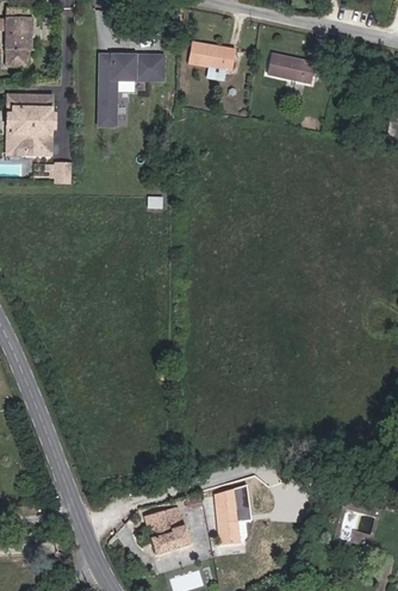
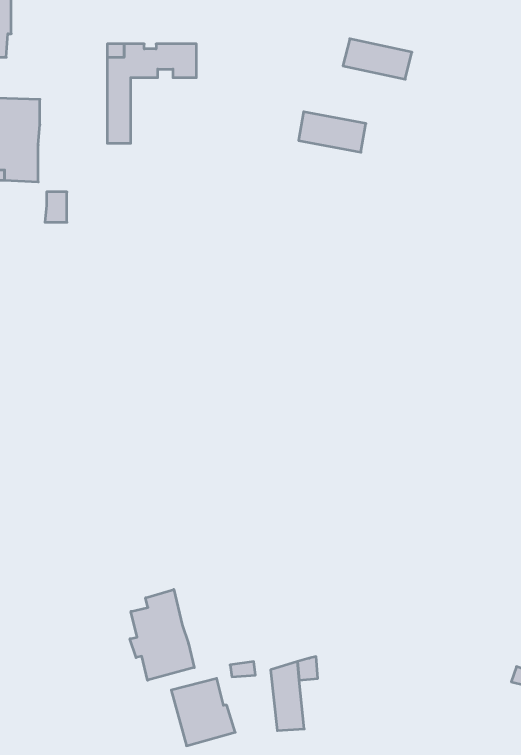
building: [187,42,235,70] -> [299,112,366,152]
building: none -> [130,589,194,680]

